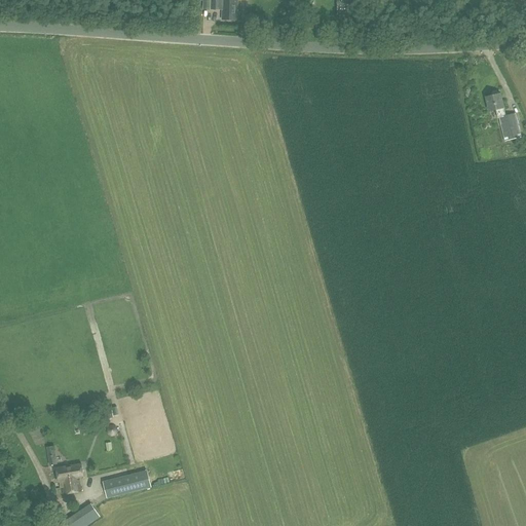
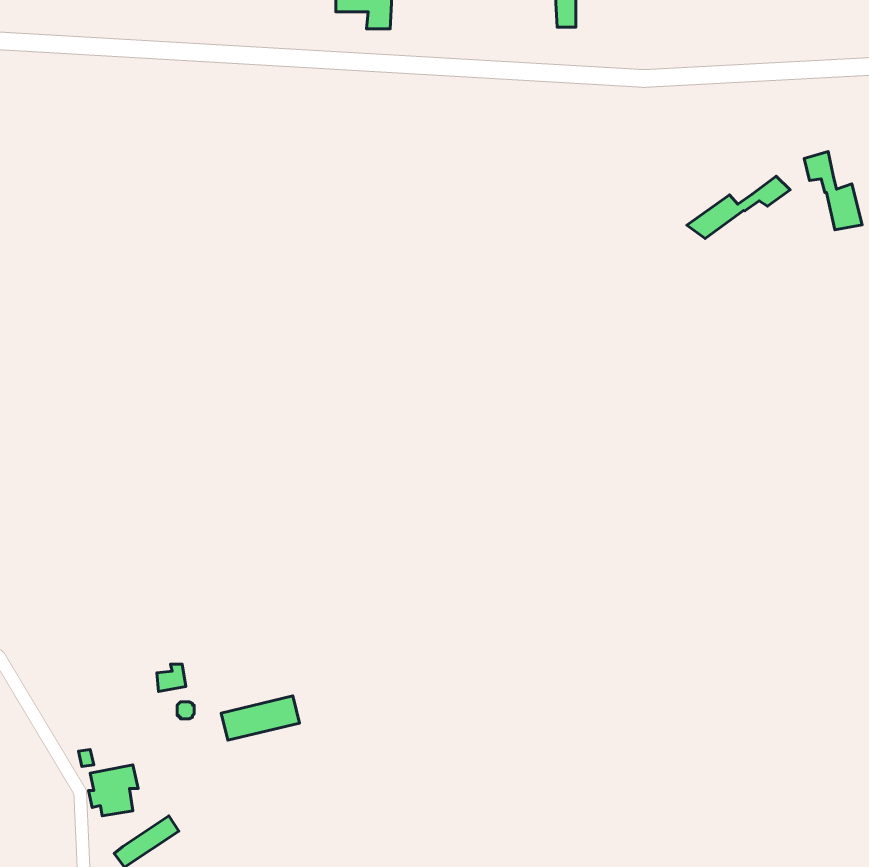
building: none -> [687,176,790,238]
building: [103,468,150,495] -> [221,696,300,740]

